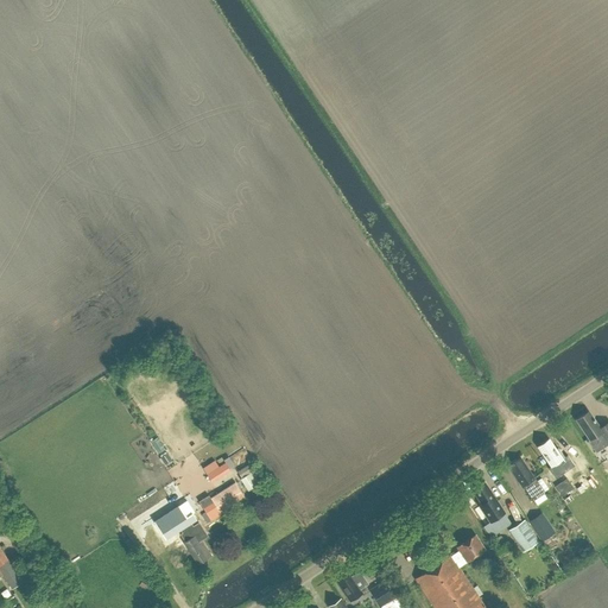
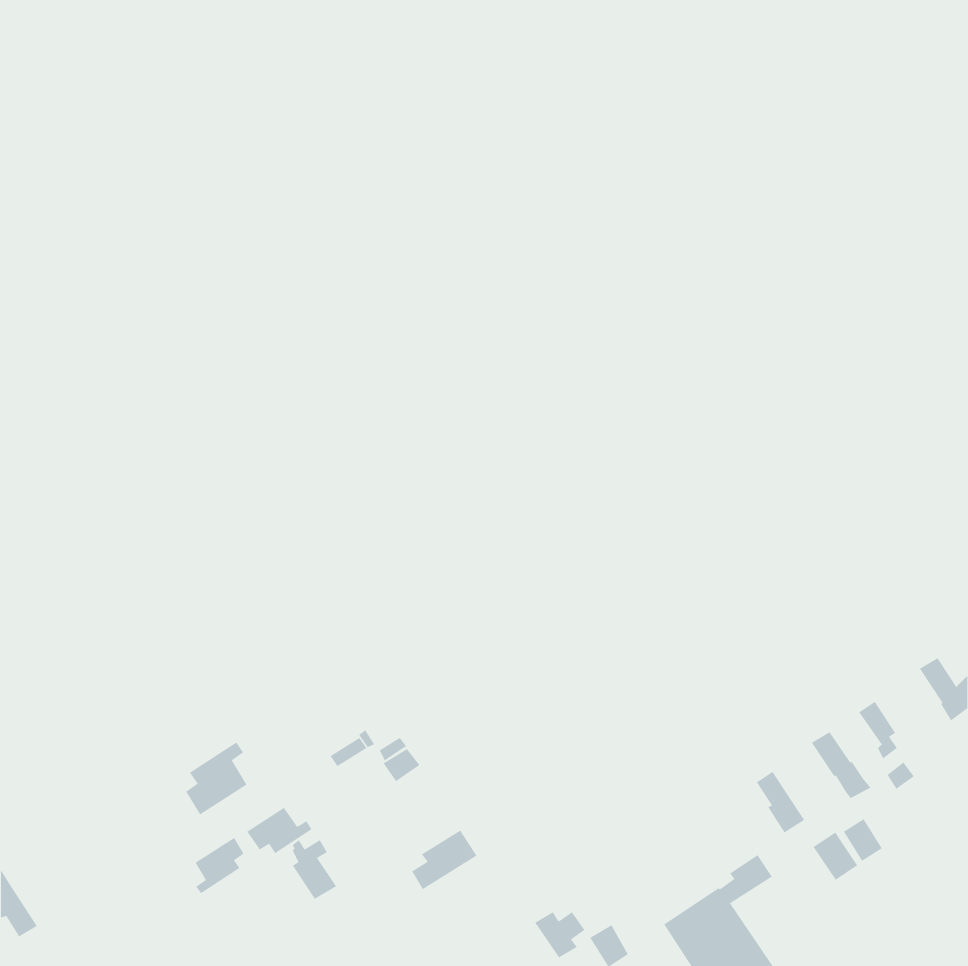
building: none -> [185,742,247,816]
building: [204,483,246,521] -> [411,829,478,890]
building: none -> [195,837,245,894]

